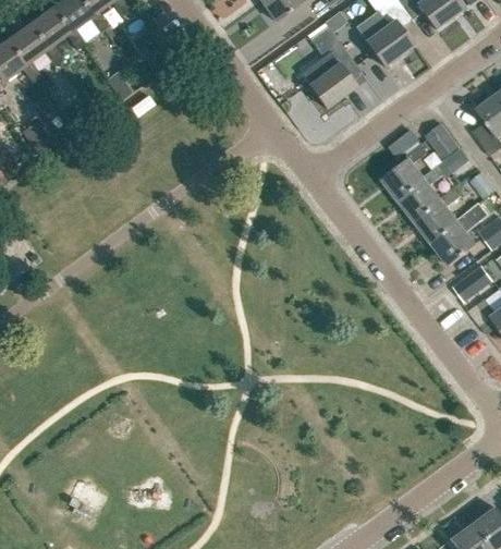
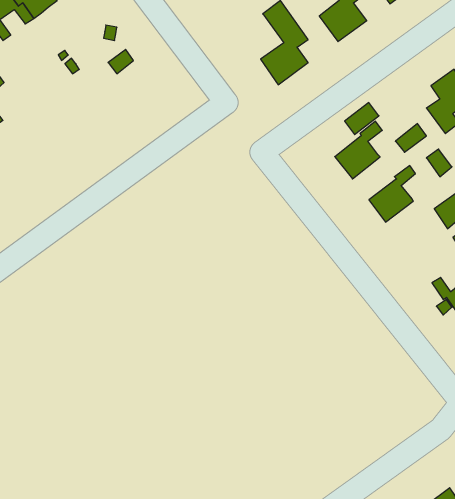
building: [426,122,459,157] -> none
building: [398,166,443,221] -> none
building: [430,205,485,265] -> none
building: [453,265,492,301] -> none

